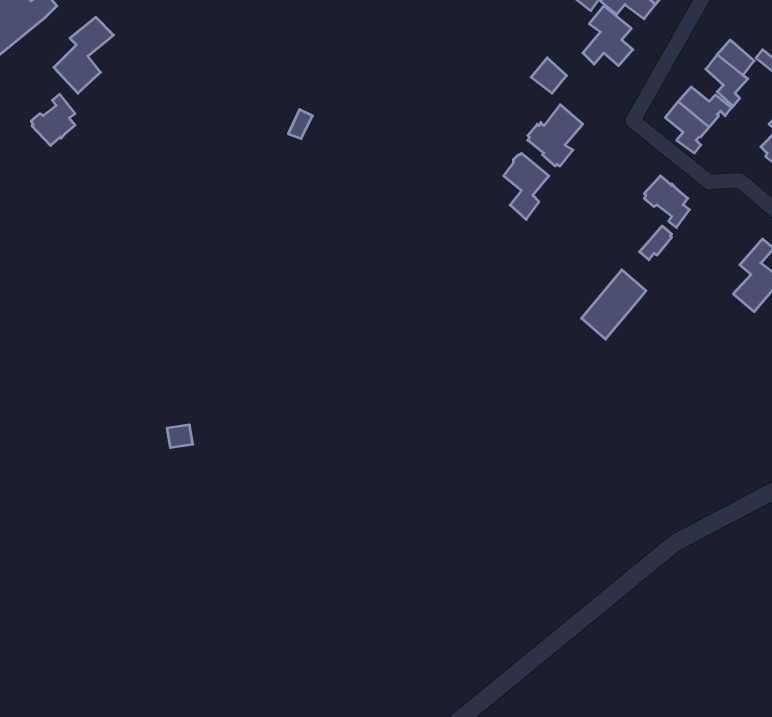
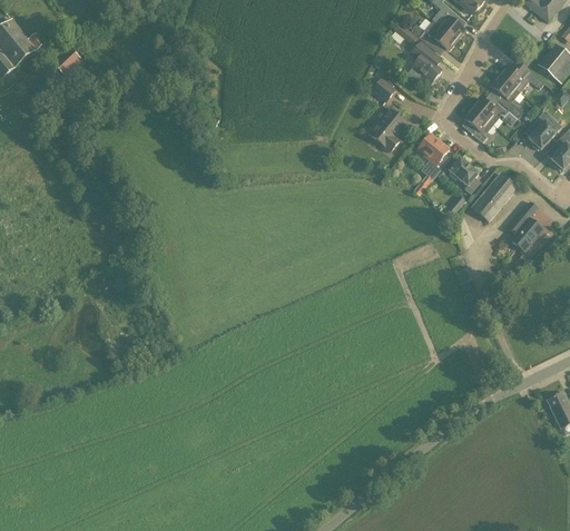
building: [31,94,75,146] -> none
building: [504,153,549,220] -> [417,132,449,178]
building: [581,270,646,339] -> [472,173,517,220]

